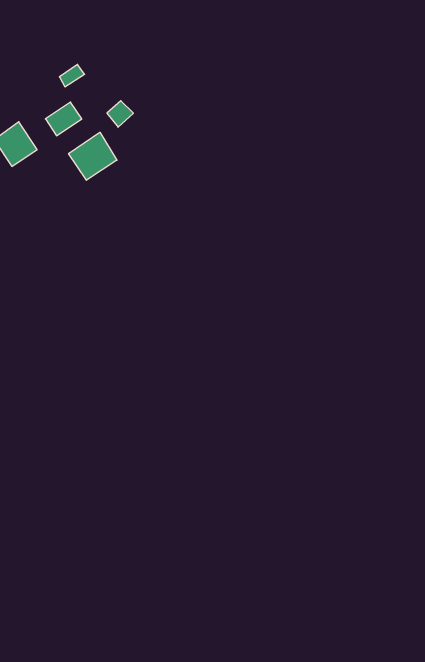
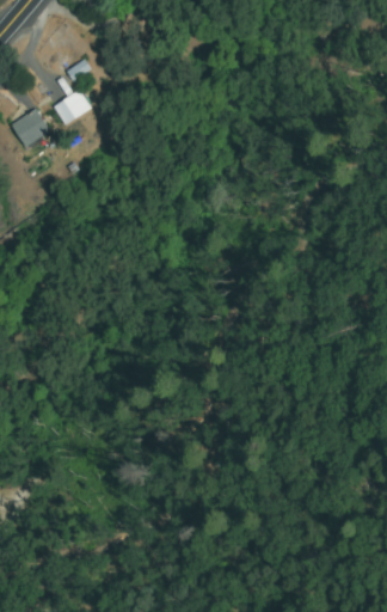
building: [69,132,117,180] -> none

